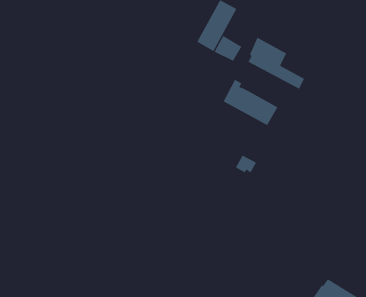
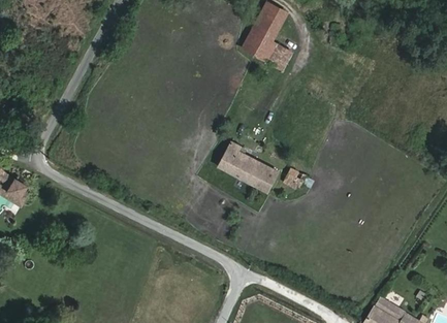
building: [248,37,305,89] -> none
building: [223,79,278,126] -> [219,142,278,192]

